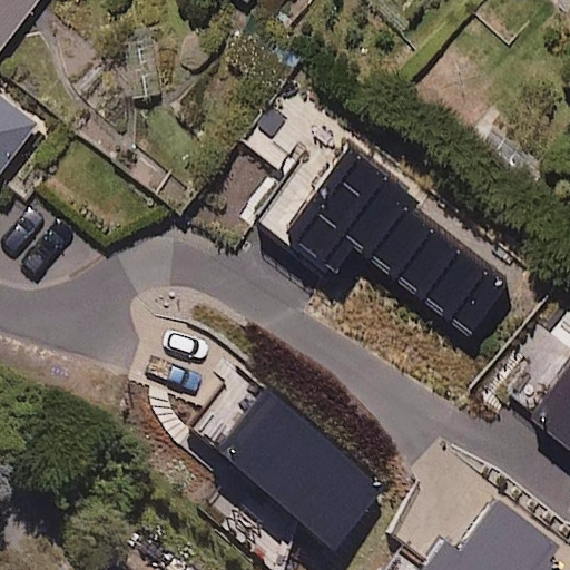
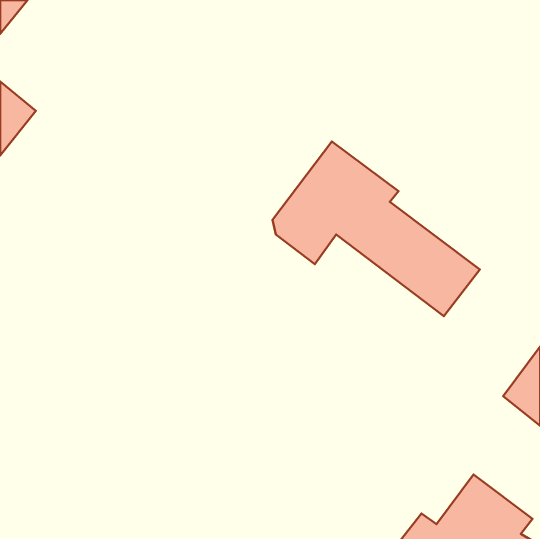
building: [216,389,385,549] -> none

